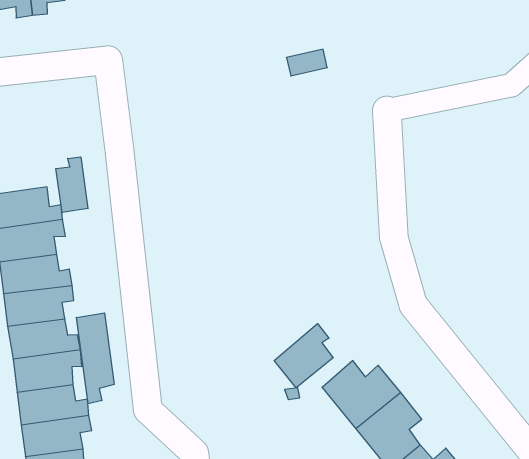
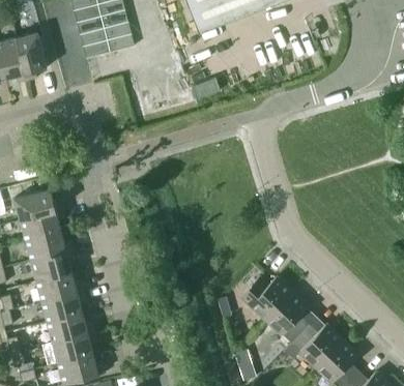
building: [56,157,88,213] -> none
building: [76,313,114,404] -> none
building: [274,324,333,388] -> none

